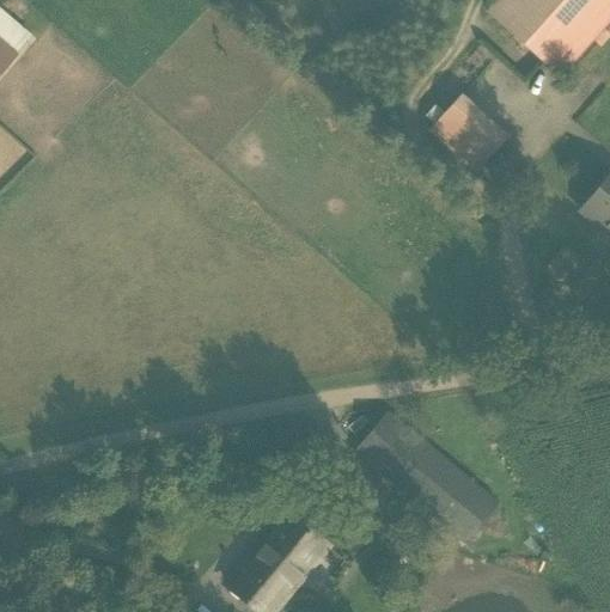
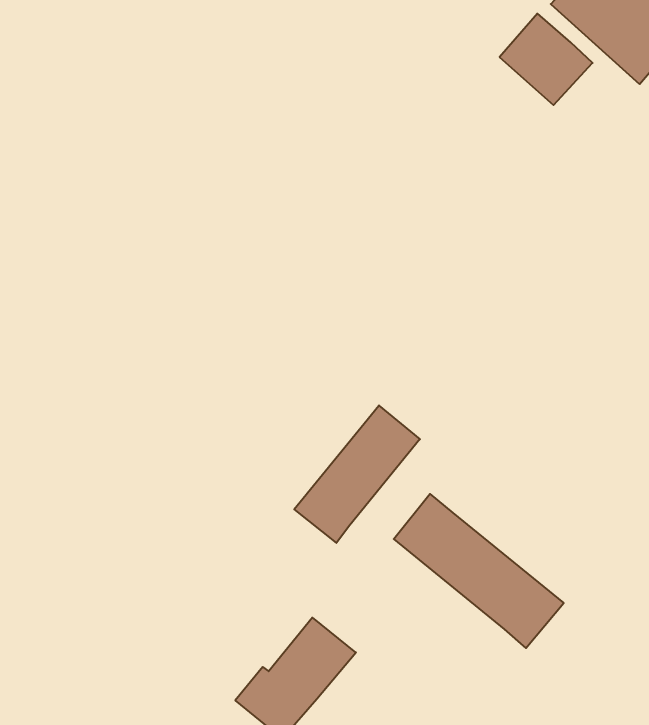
building: [432,93,508,169] -> [500,14,593,105]
building: none -> [294,405,420,543]

